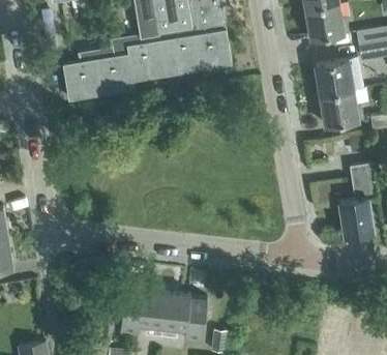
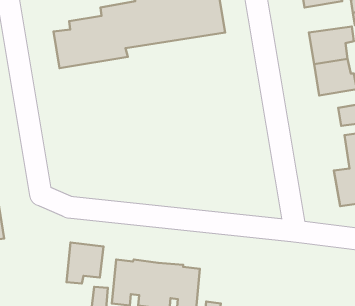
building: none -> [66,242,104,284]

